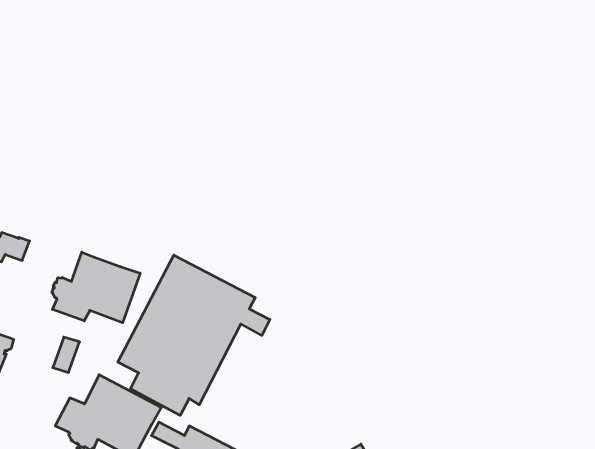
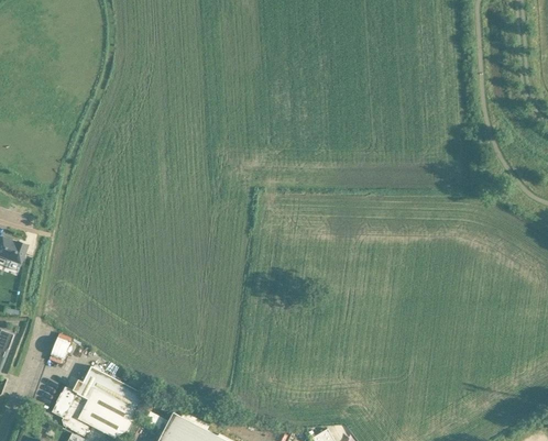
building: [52,252,140,323] -> none
building: [118,255,270,415] -> none

